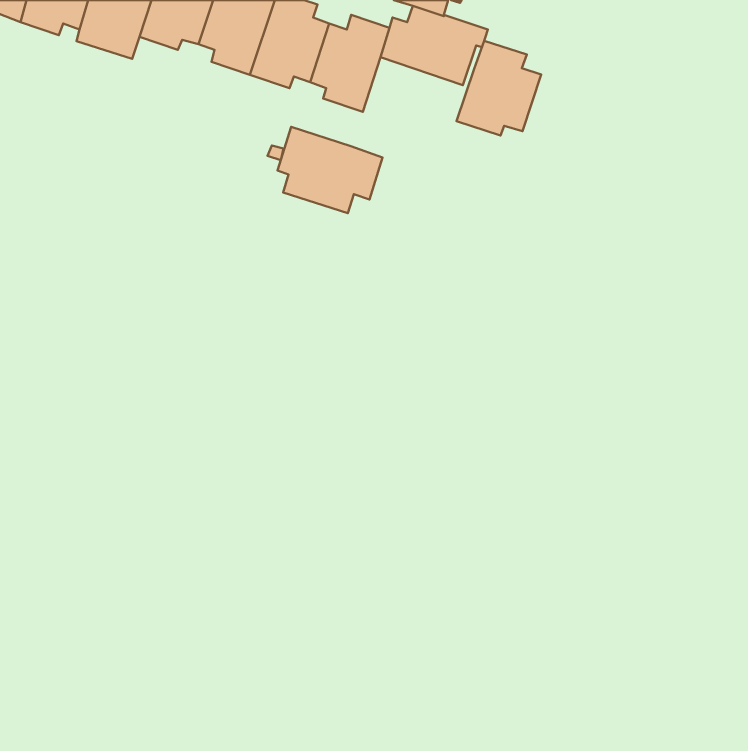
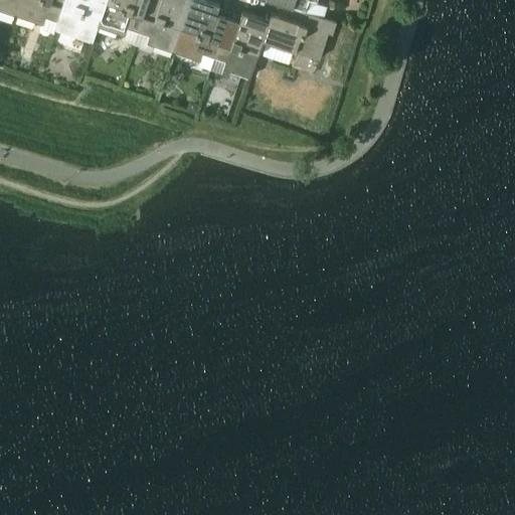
building: [457,41,541,135] -> none
building: [277,127,382,213] -> none

